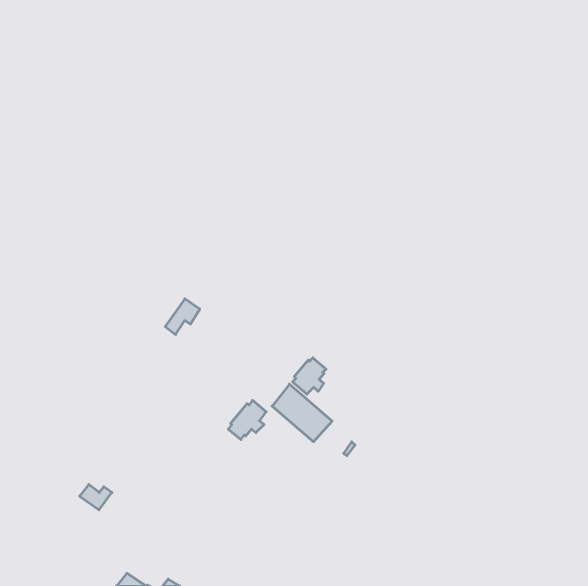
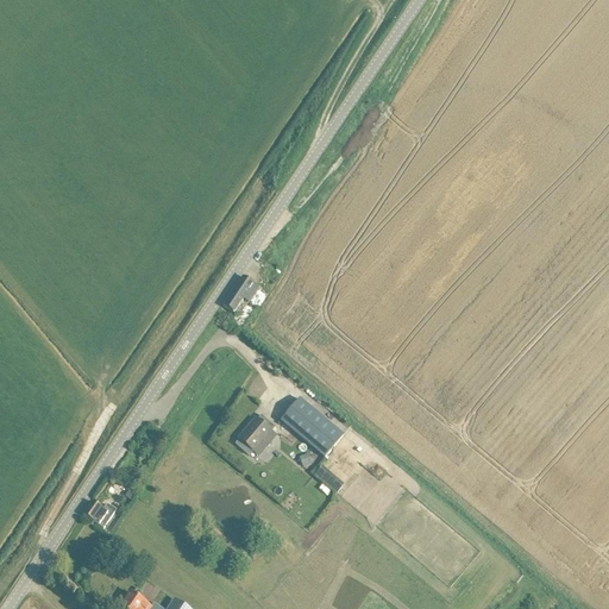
building: [165,299,200,335] -> [224,275,259,312]
building: [293,358,326,394] -> none

